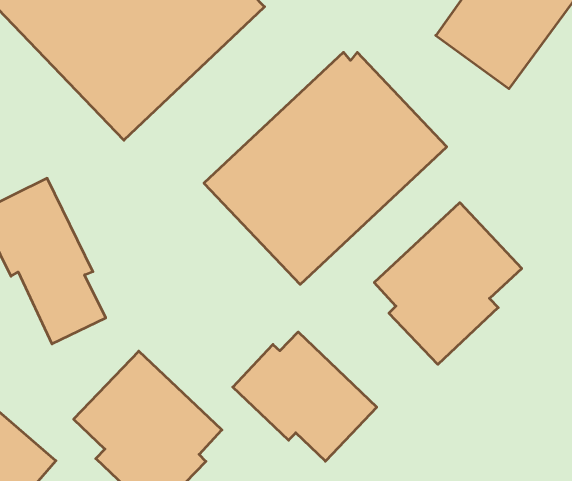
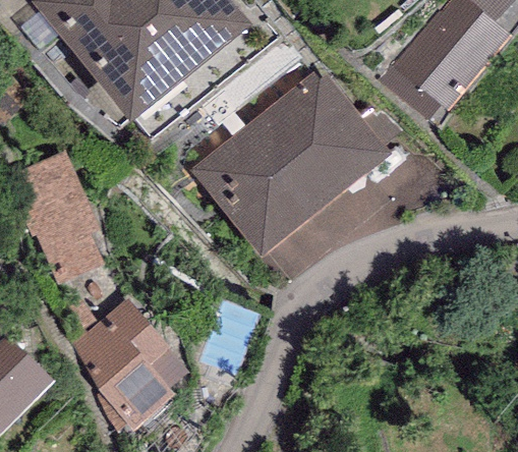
building: [374,203,522,364] -> none
building: [233,332,377,461] -> none

